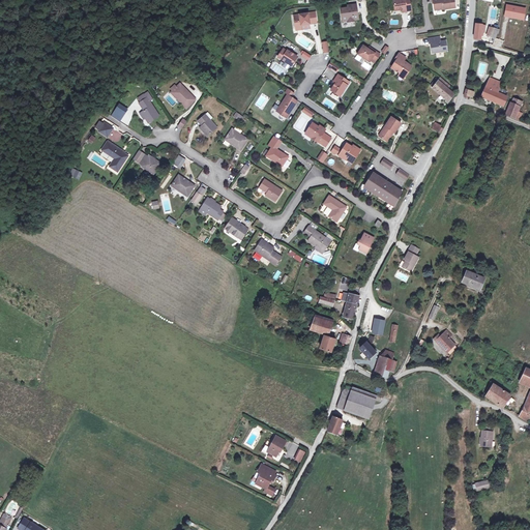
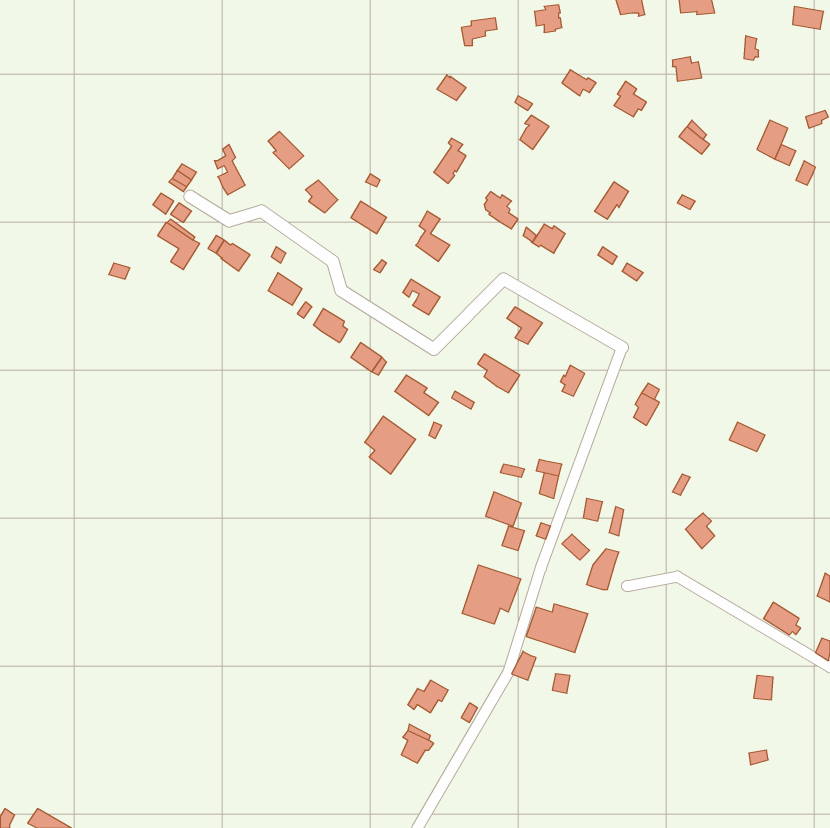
building: [365,172,402,204] -> none
building: none -> [365,416,416,474]
building: none -> [462,565,521,624]

